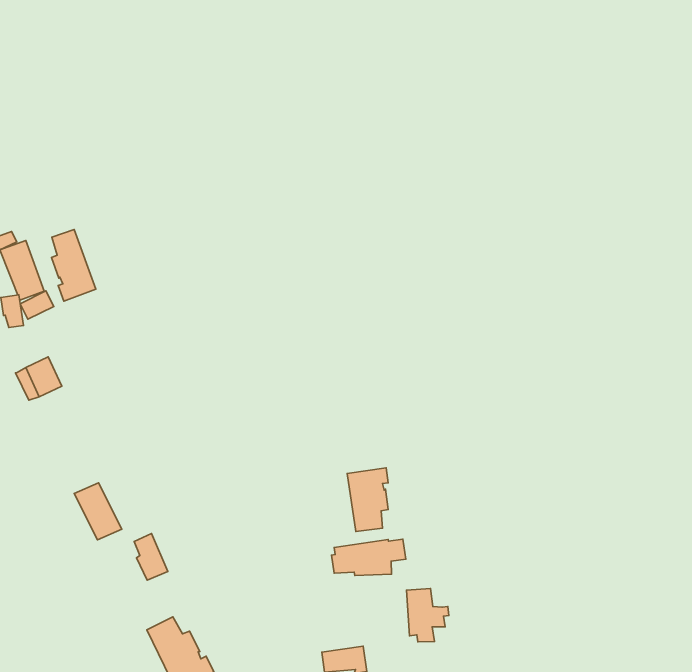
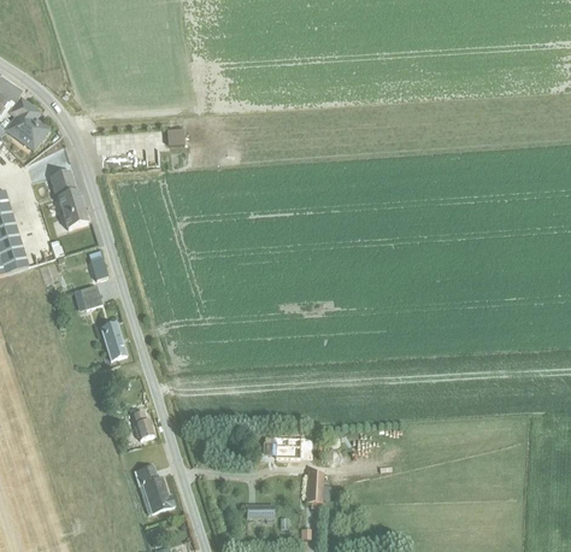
building: [51,229,96,301] -> none
building: [347,468,388,532] -> none
building: [74,483,122,540] -> [99,322,126,359]

